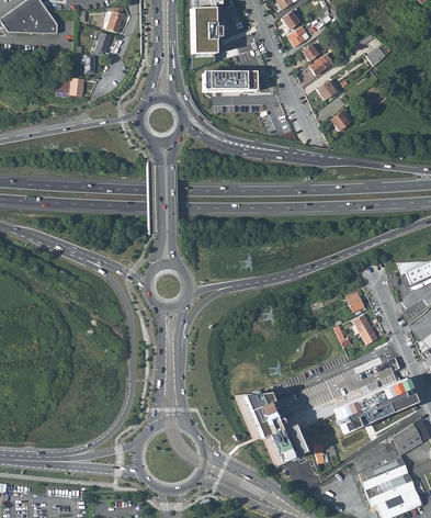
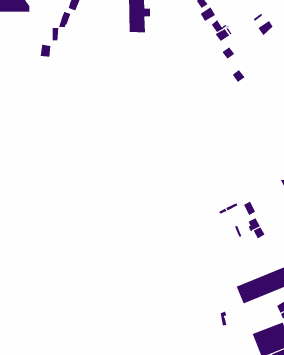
building: [201,70,256,90] -> none
building: [243,392,310,463] -> none

